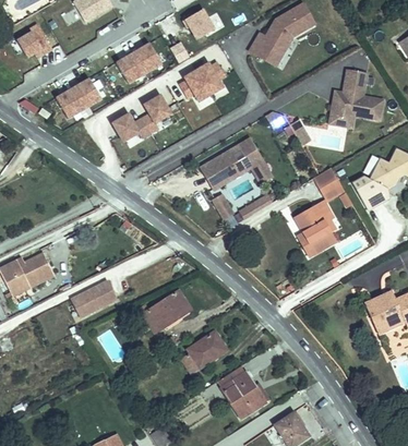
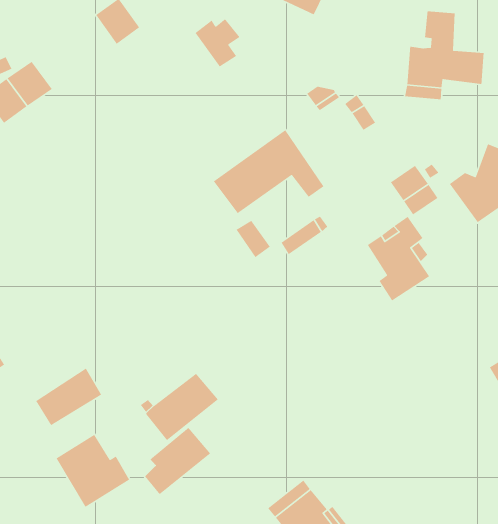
building: [116,52,145,83] -> none
building: [179,70,211,101] -> none
building: [111,95,171,141] -> none
building: none -> [55,434,130,508]
building: [182,330,227,373] -> [144,427,211,495]

